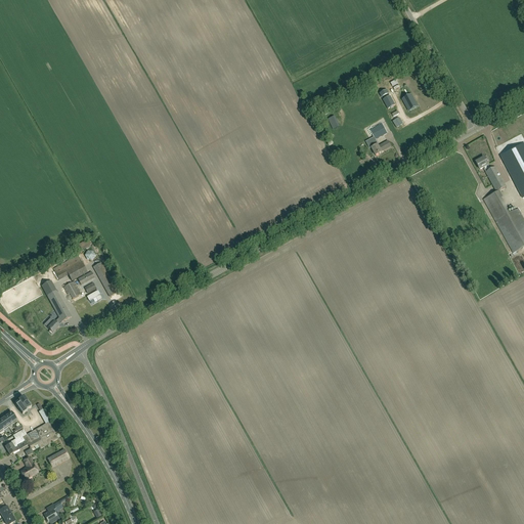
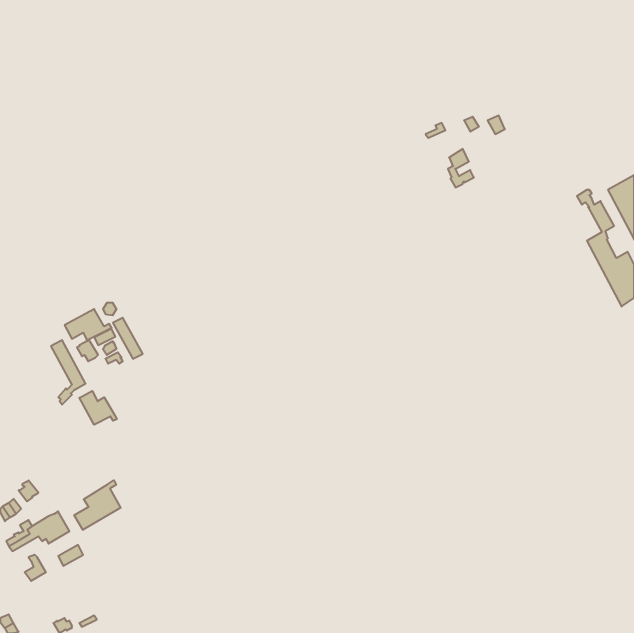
building: none -> [79,391,117,425]
building: none -> [74,480,121,530]

